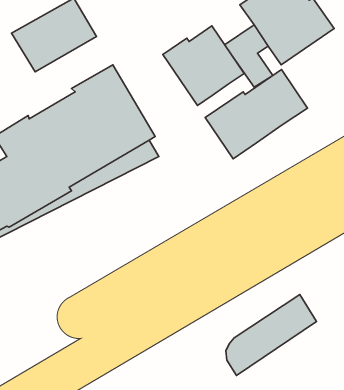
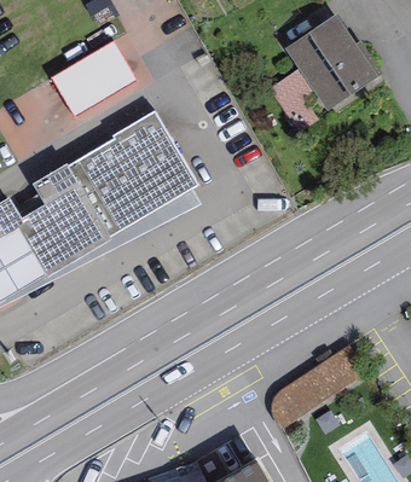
building: [163,26,244,105] -> none
building: [205,70,307,159] -> none

